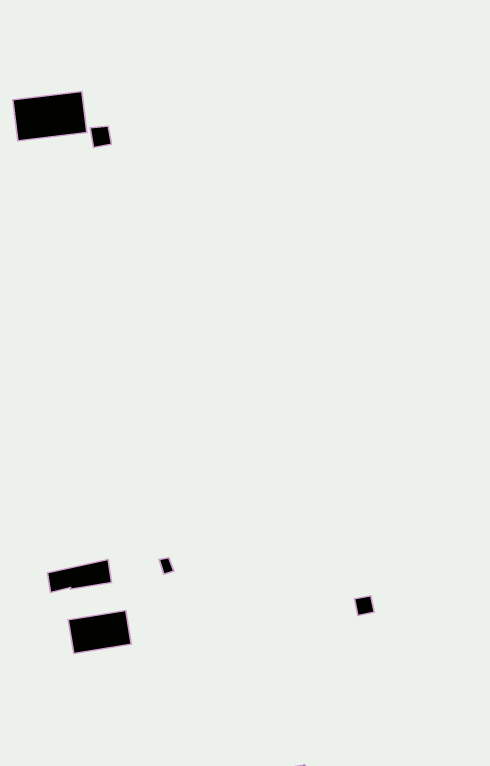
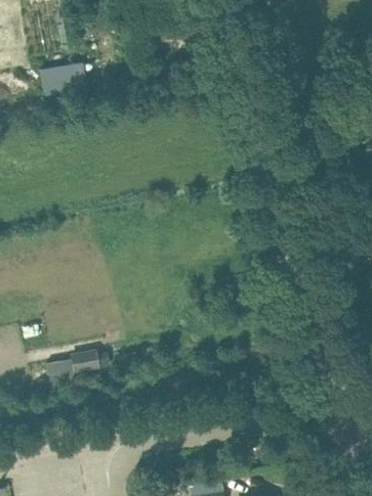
building: [68,611,131,654] -> none

